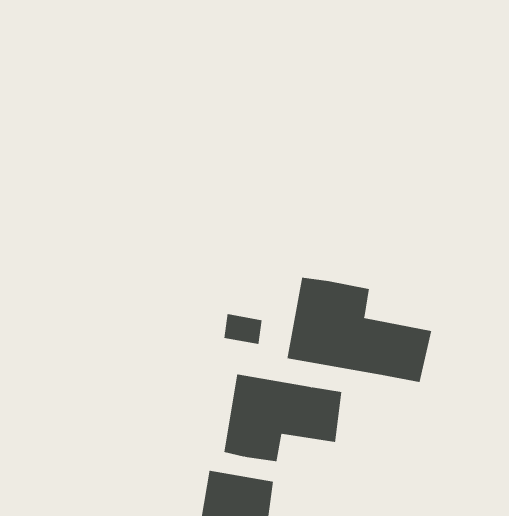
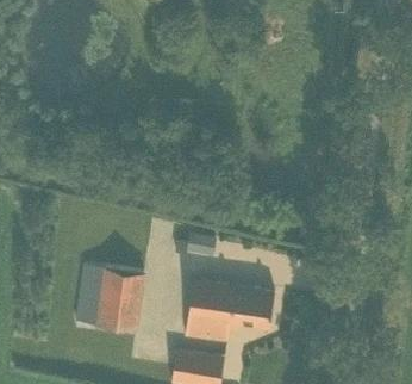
building: [287,277,432,383] -> none
building: none -> [73,264,145,329]

